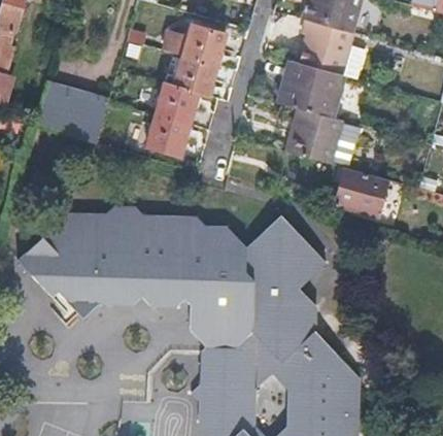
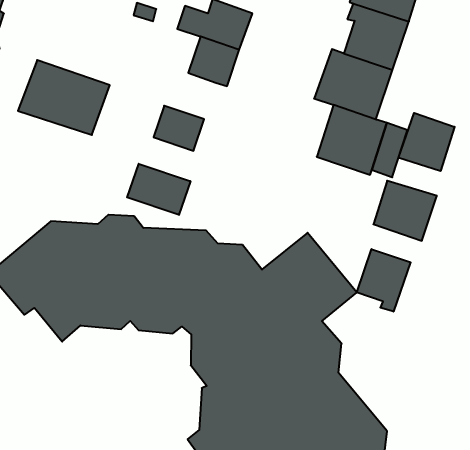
building: [156,85,198,125] -> none
building: none -> [399,113,455,171]
building: none -> [127,164,190,215]
building: none -> [357,249,411,312]

